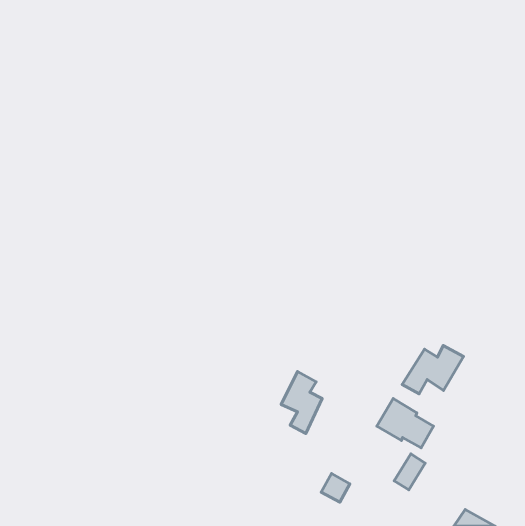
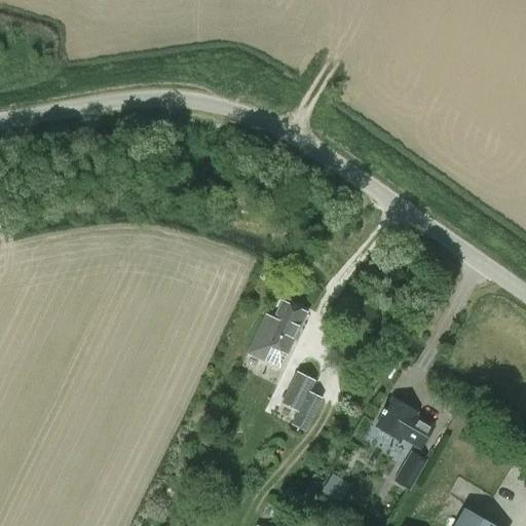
building: none -> [248,301,305,367]
building: [402,345,464,394] -> none

